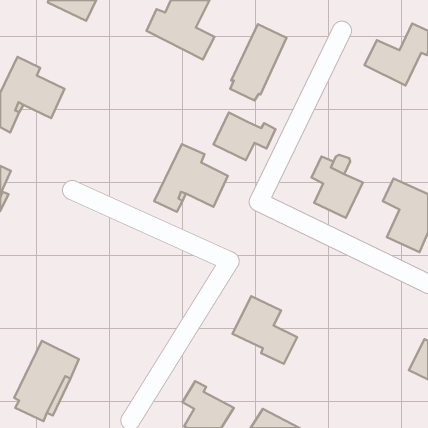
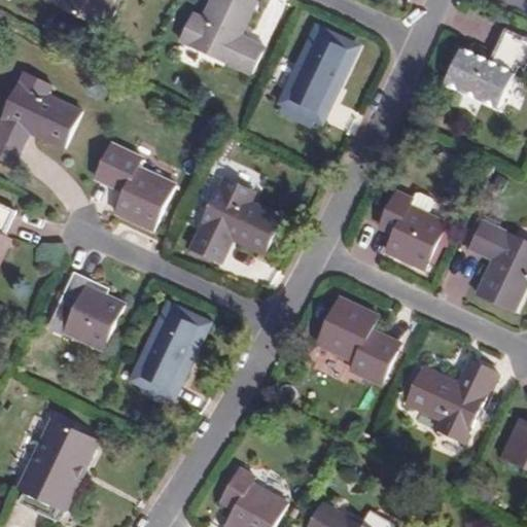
building: [213,113,276,160] -> none
building: none -> [94,143,172,229]
building: none -> [57,271,122,348]
building: none -> [134,305,205,399]
building: none -> [407,357,497,442]
building: [233,296,297,364] -> [318,298,397,382]

